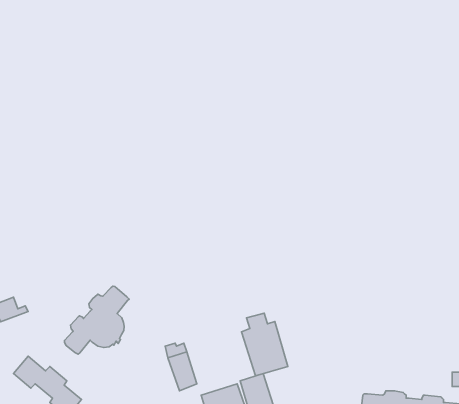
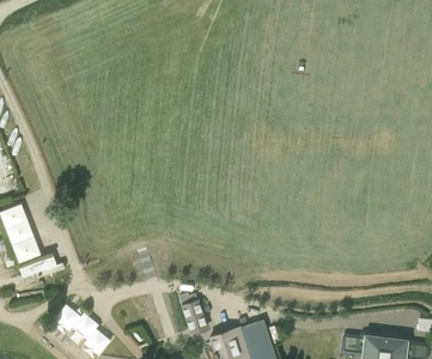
building: [64,286,129,354] -> none
building: [242,313,288,376] -> none

